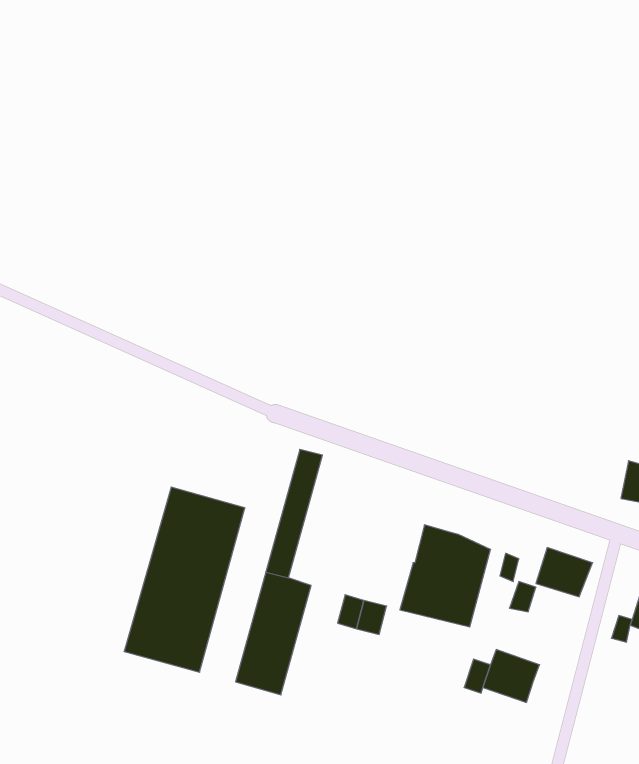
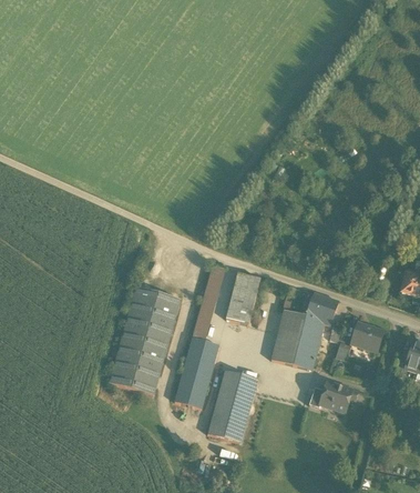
building: none -> [225,271,260,324]
building: none -> [305,292,338,325]
building: none -> [207,369,257,442]

